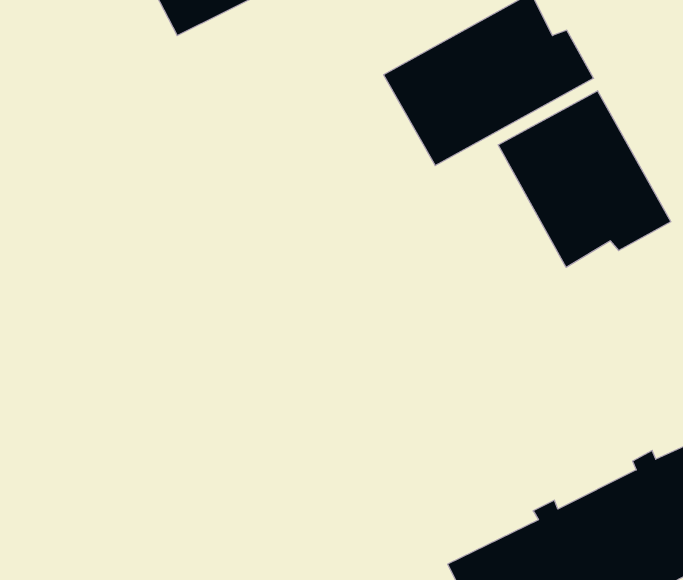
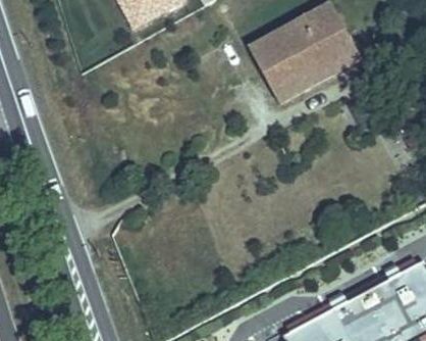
building: [498,91,671,267] -> none

